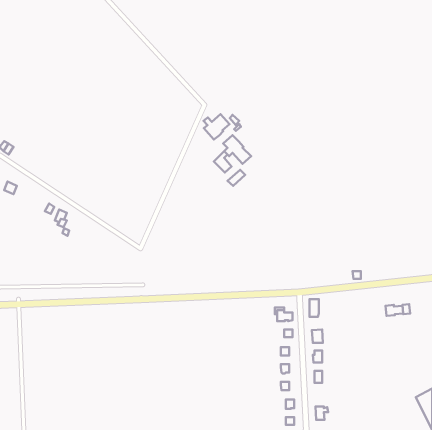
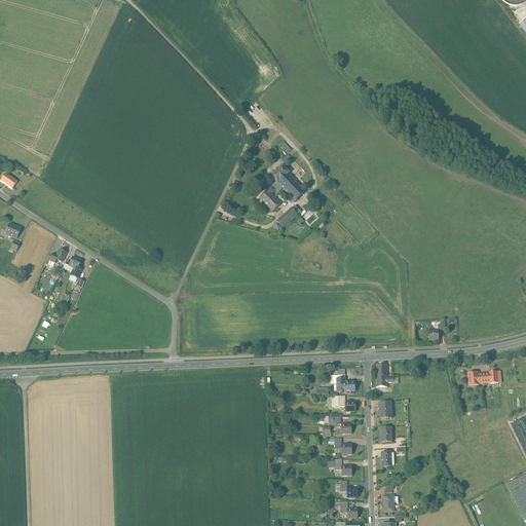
building: [204,114,230,139] -> none

